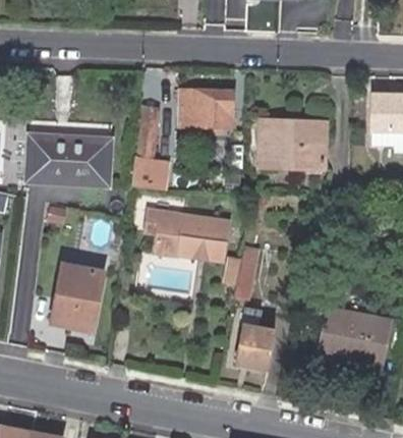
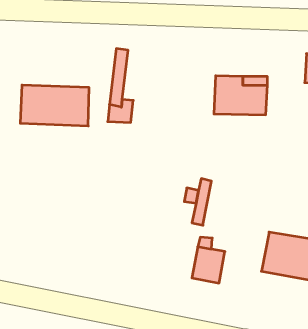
building: [178,90,233,126] -> none
building: [145,208,227,261] -> none
building: [52,263,105,327] -> none

